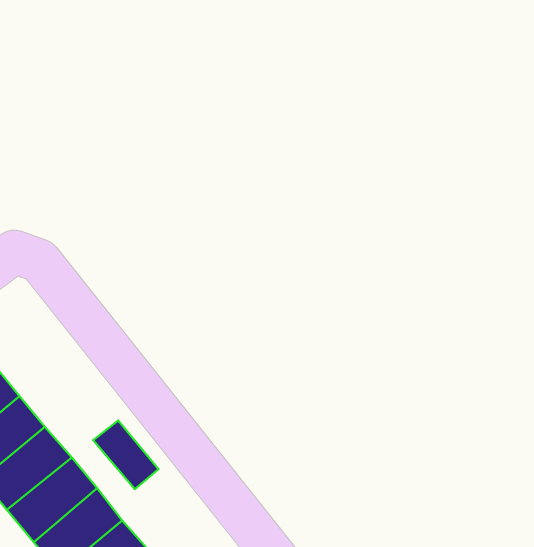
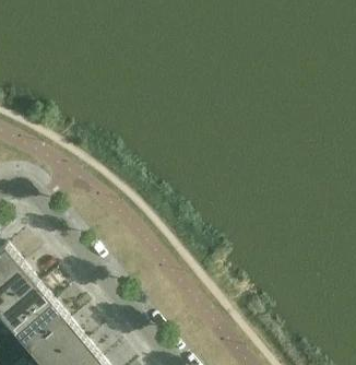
building: [93,421,158,489] -> none

